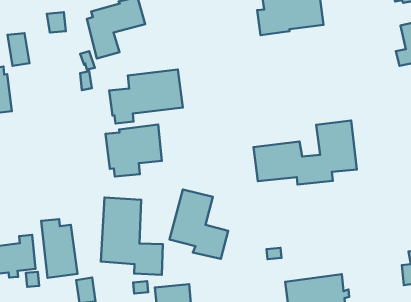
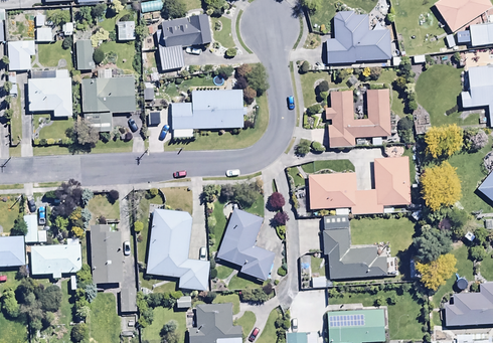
building: none -> [325,89,390,146]
building: [105,125,162,177] -> [81,74,135,122]
building: none -> [321,214,387,278]

